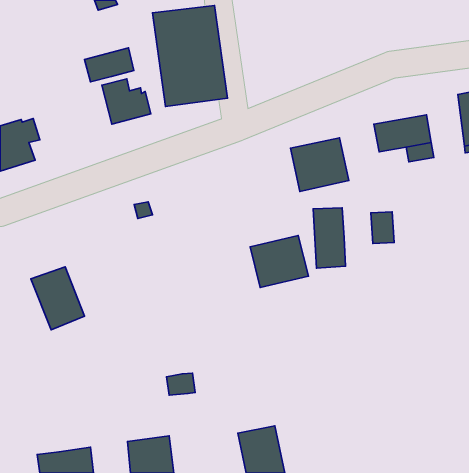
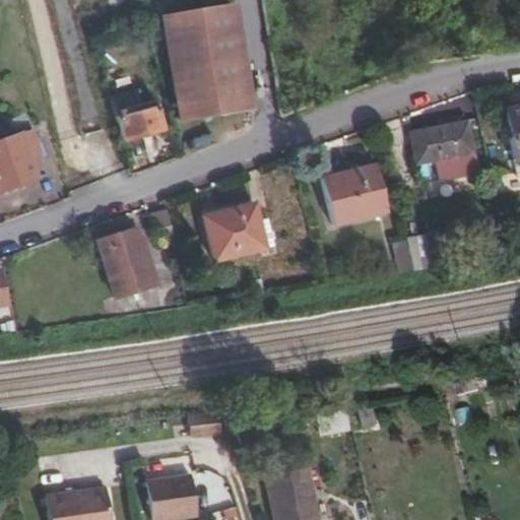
building: [84,48,134,82] -> none
building: [313,208,346,268] -> none
building: [250,236,308,287] -> [204,209,268,266]
building: [31,267,84,330] -> [96,233,155,302]

